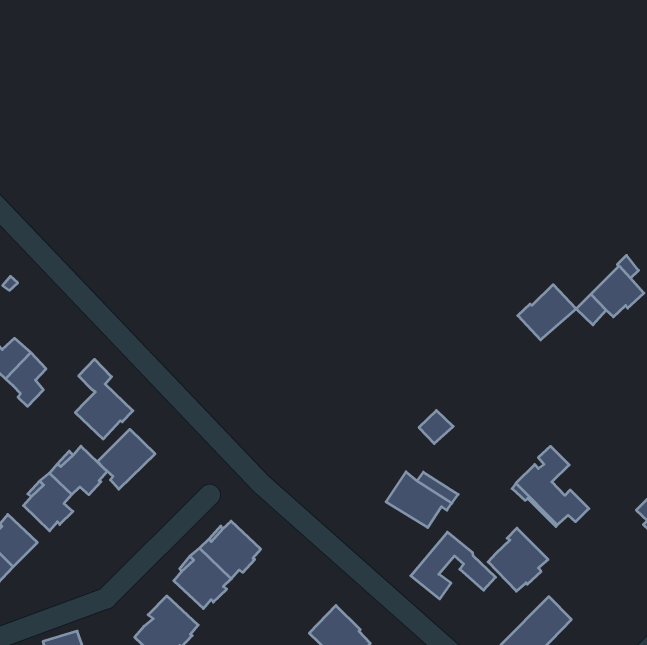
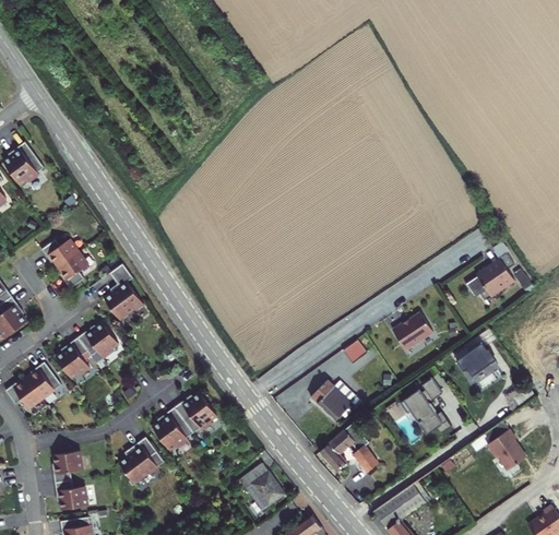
building: [518,285,576,340] -> [392,312,433,349]
building: none -> [455,342,496,376]
building: [98,429,155,489] -> none
building: [488,528,548,591] -> none

